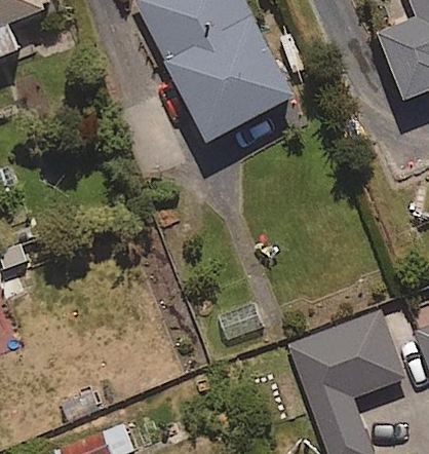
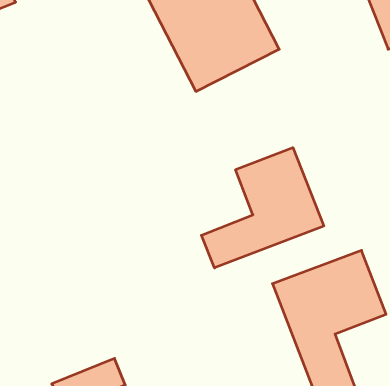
building: none -> [201,148,324,268]

